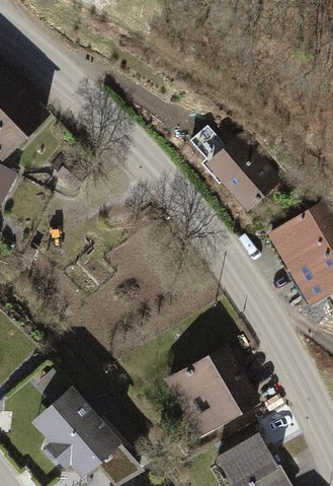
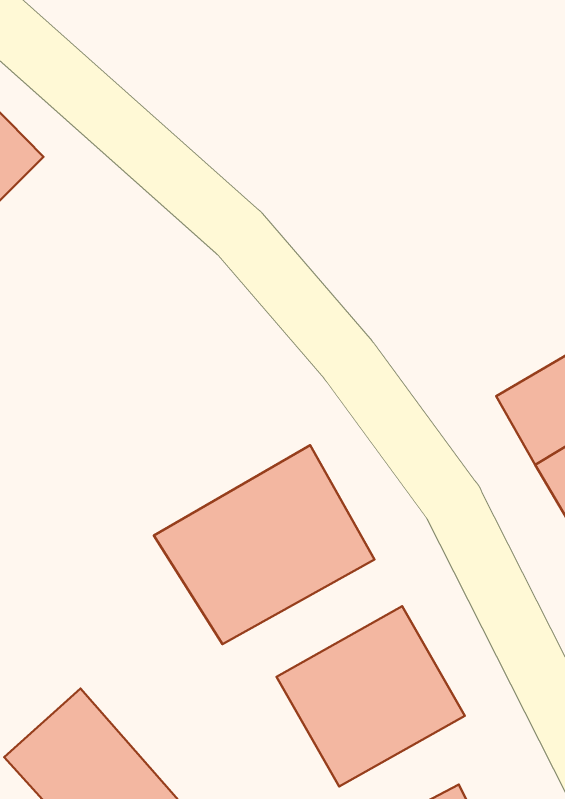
building: [197,129,283,208] -> none
building: none -> [154,445,374,644]

